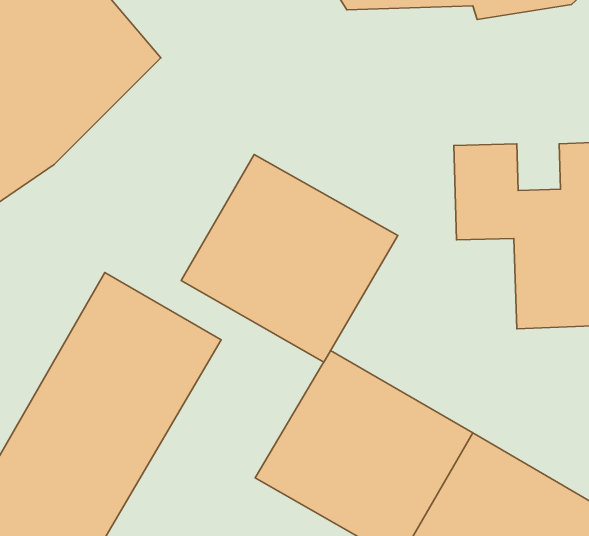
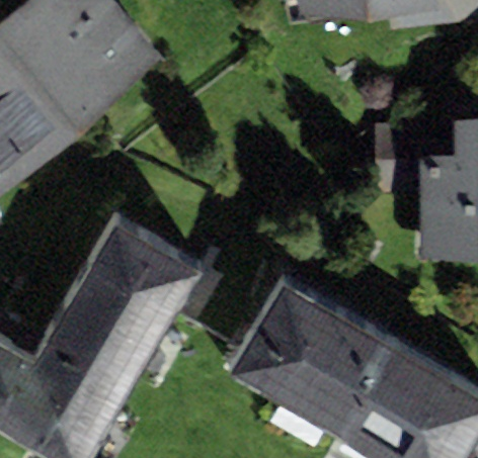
building: [181,154,398,362] -> none

